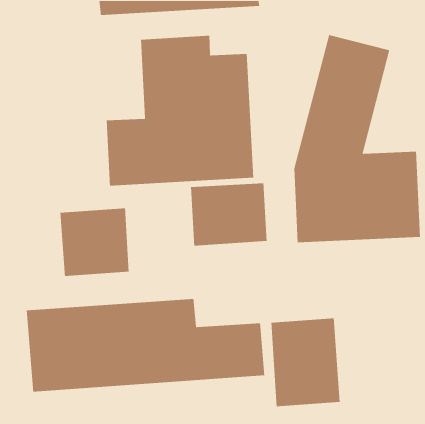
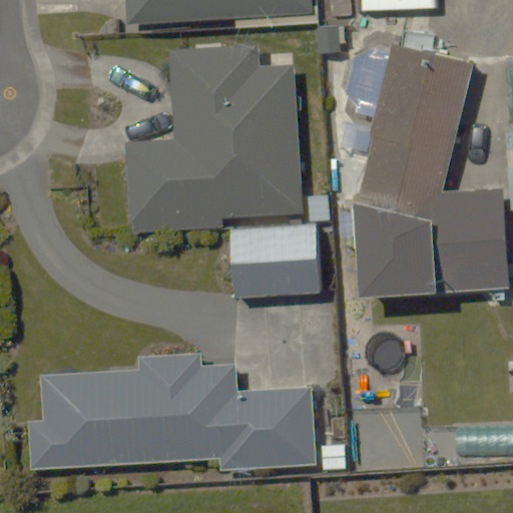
building: [60,207,130,277] -> none
building: [271,317,341,407] -> none

